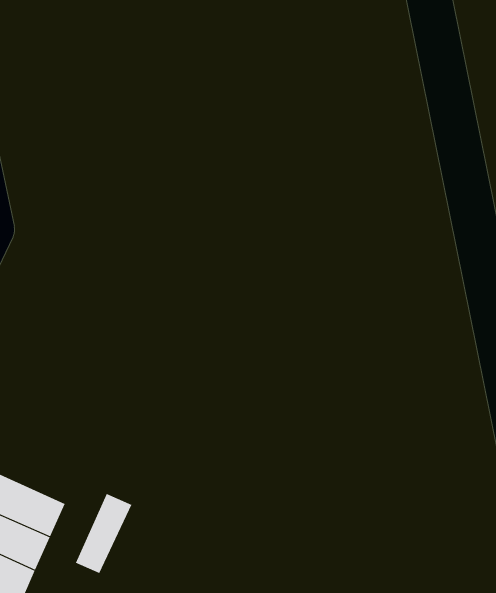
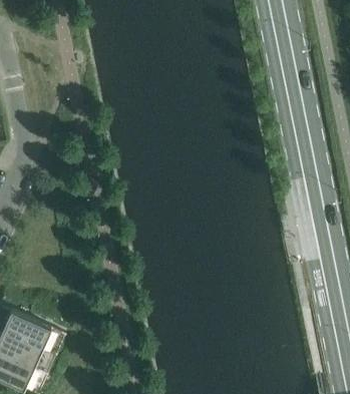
building: [75,493,132,574] -> none

